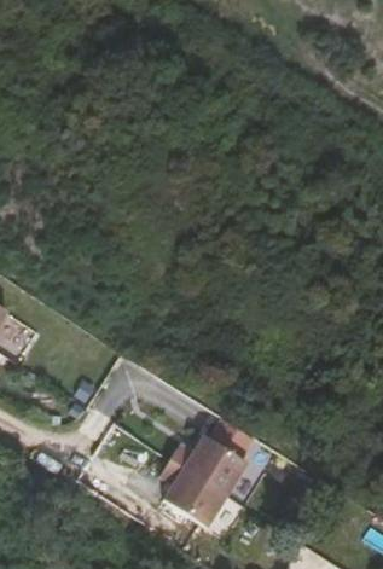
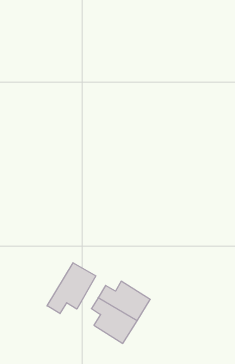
building: none -> [47,263,96,314]

